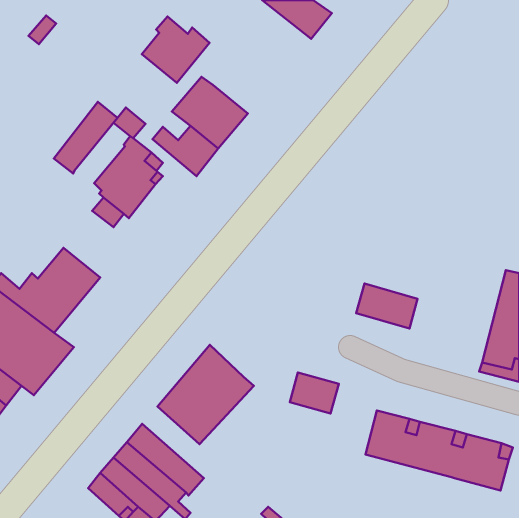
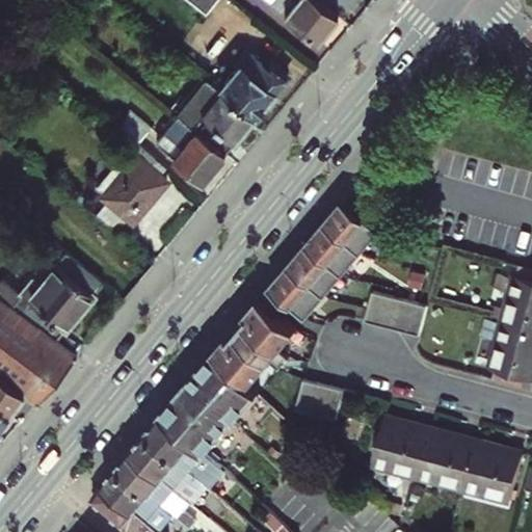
building: [142,16,209,83] -> [216,53,285,121]
building: [54,102,118,174] -> none
building: none -> [213,203,379,388]
building: none -> [144,418,218,490]

